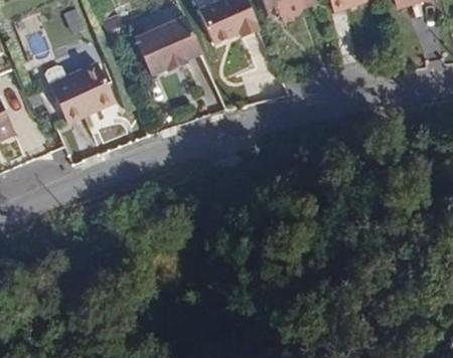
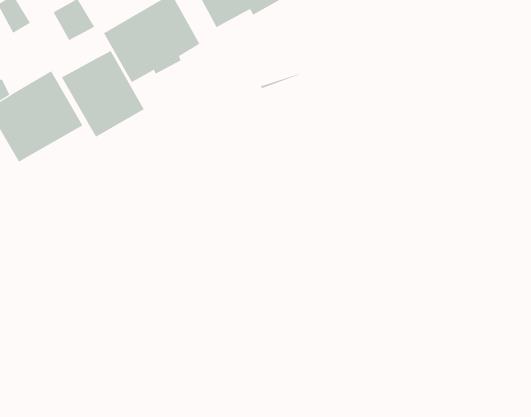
building: none -> [61,50,144,138]

